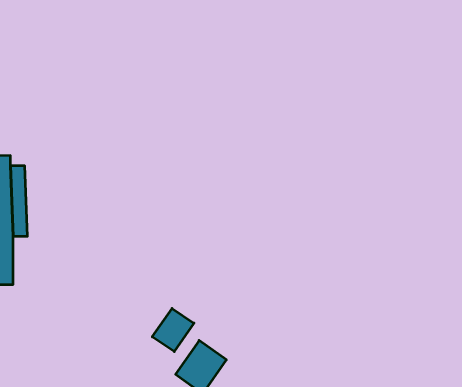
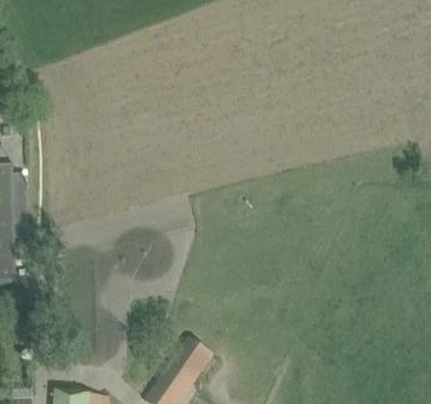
building: [152,308,194,352] -> none

